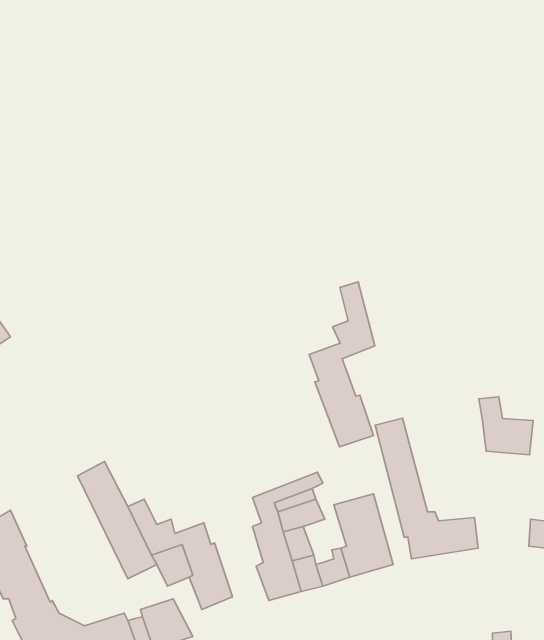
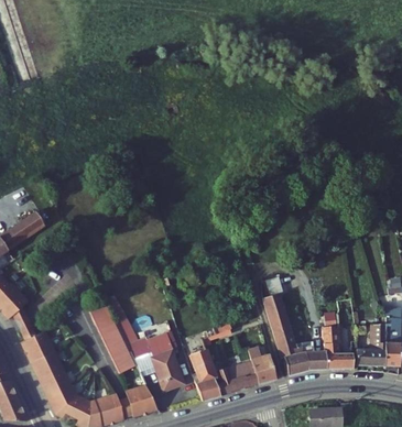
building: [309,282,375,447] -> none
building: [479,397,533,455] -> [325,326,358,361]

